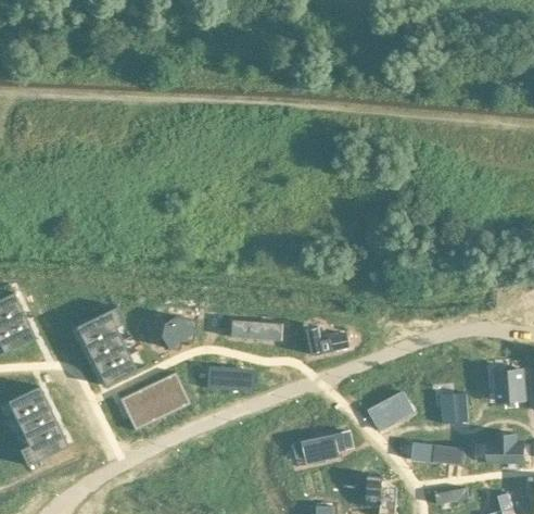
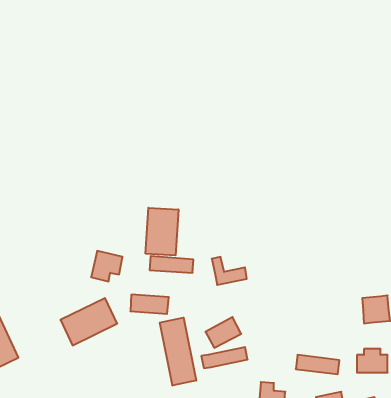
building: none -> [146,208,178,255]
building: [74,305,135,385] -> none
building: [369,391,414,429] -> [205,317,241,348]
building: [440,392,469,423] -> none
building: none -> [160,318,196,386]

